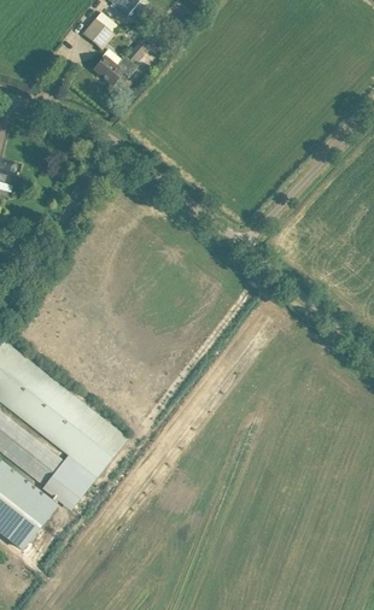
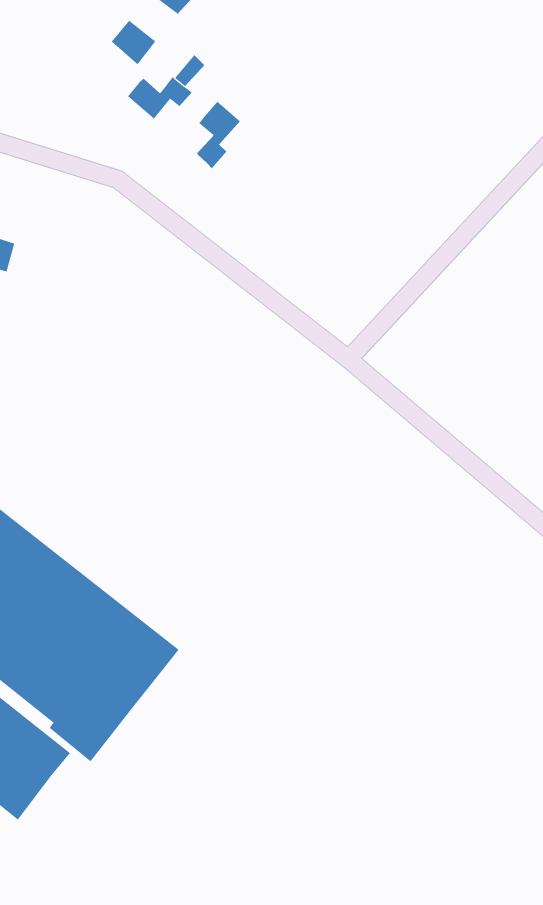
building: none -> [196,101,241,169]

